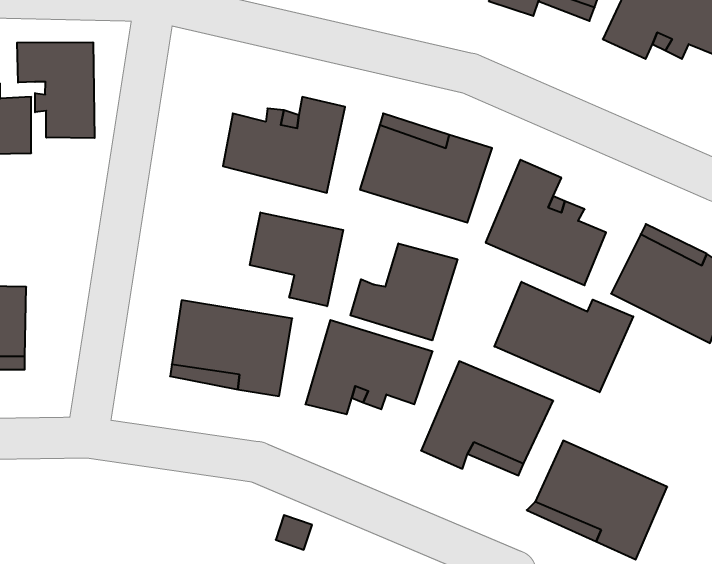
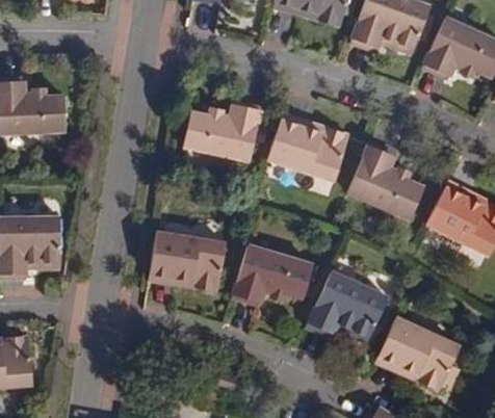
building: [17,42,95,138] -> none
building: [250,212,343,306] -> none
building: [350,243,457,340] -> none
building: [494,282,633,392] -> none

